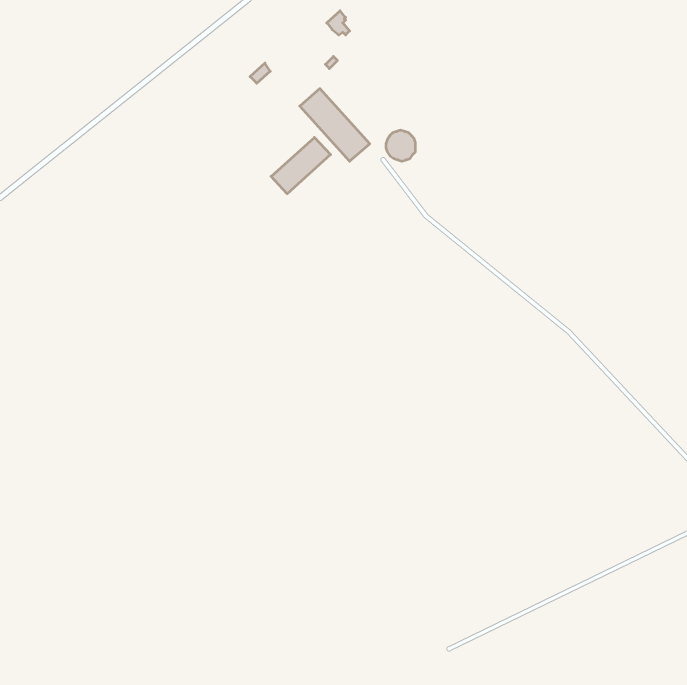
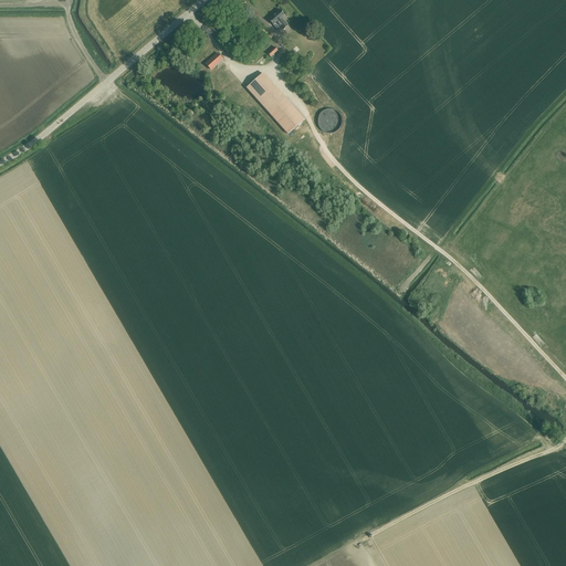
building: [271,137,331,194] -> none

